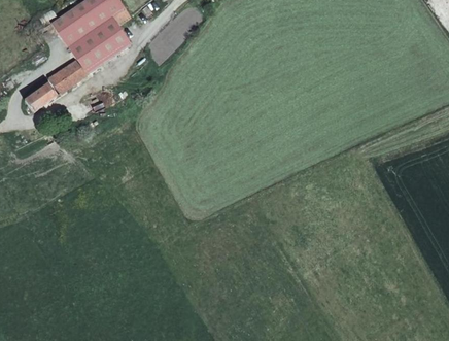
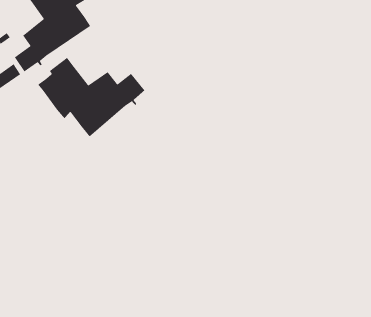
building: none -> [37,57,146,137]

